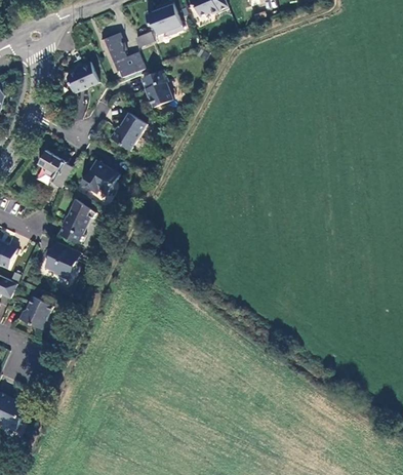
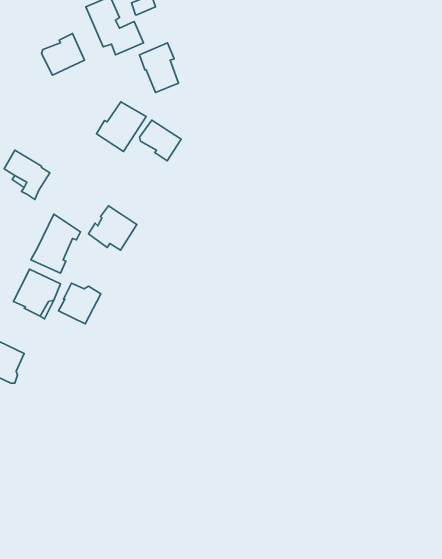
building: none -> [140,120,181,161]
building: [81,160,118,194] -> [88,206,137,250]
building: none -> [59,283,101,324]

